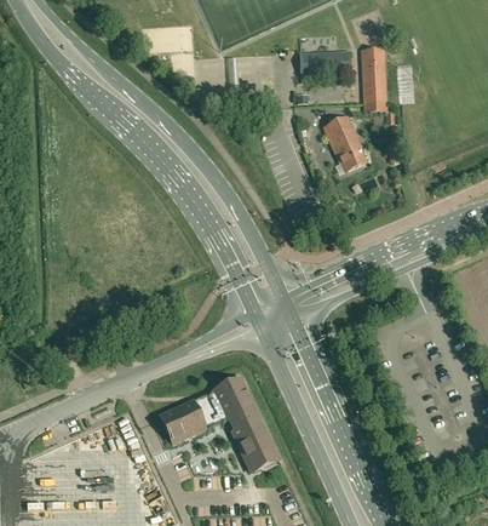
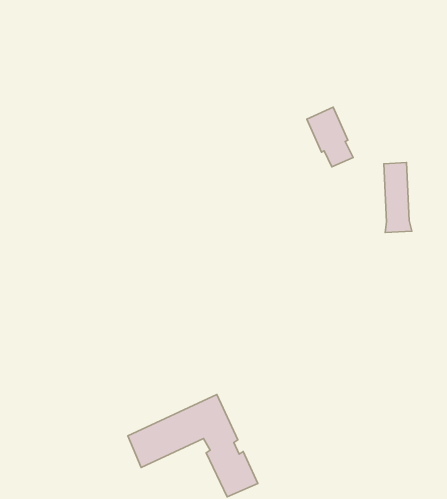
building: [362,47,387,112] -> [384,162,412,233]
building: [299,48,351,73] -> none

